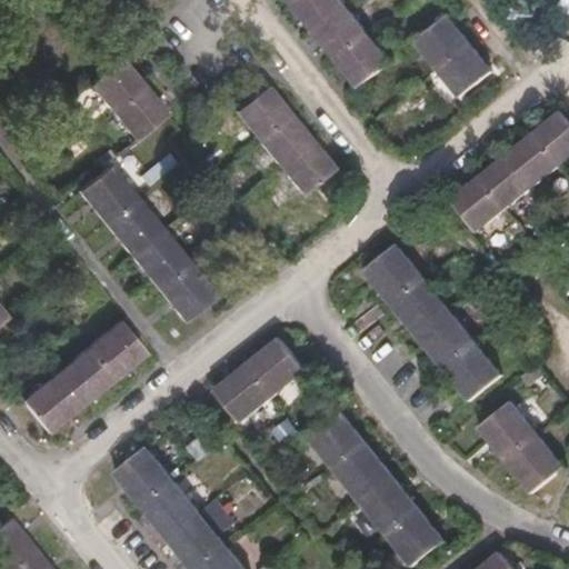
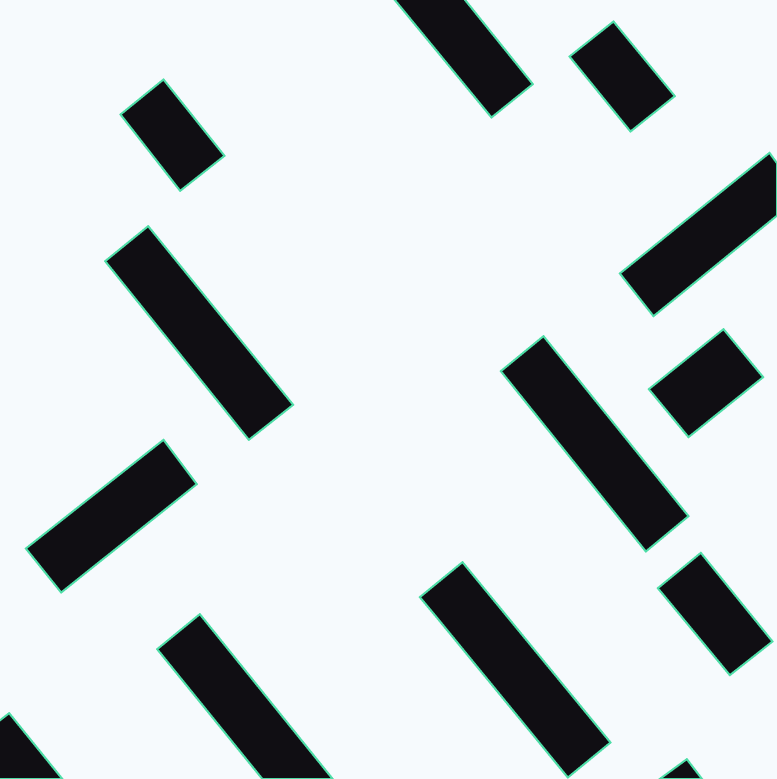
building: [232,86,329,191] -> none
building: none -> [649,329,763,437]
building: [214,338,306,422] -> none

